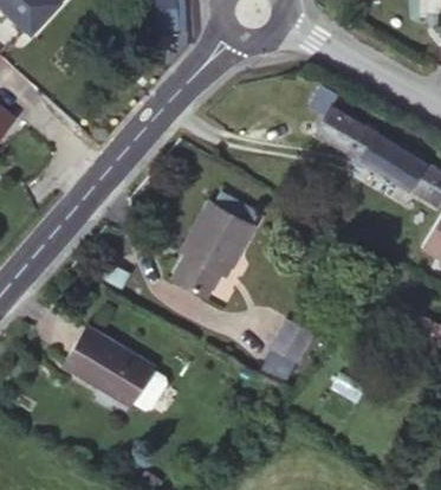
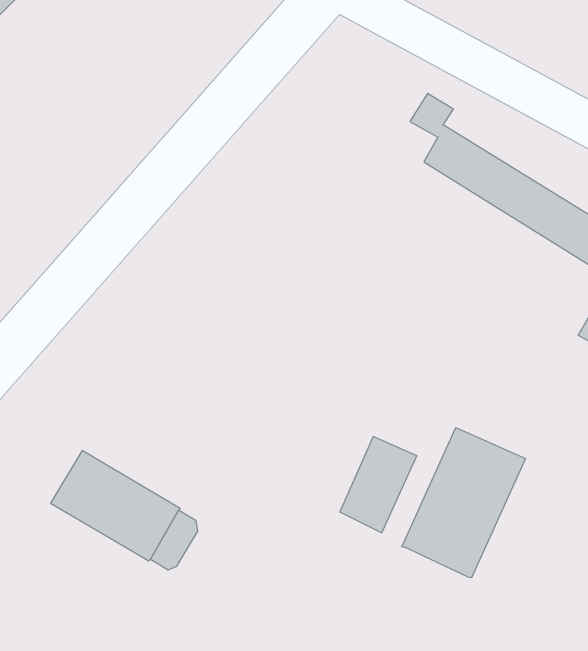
building: [173,202,254,298] -> none
building: none -> [402,428,526,578]

